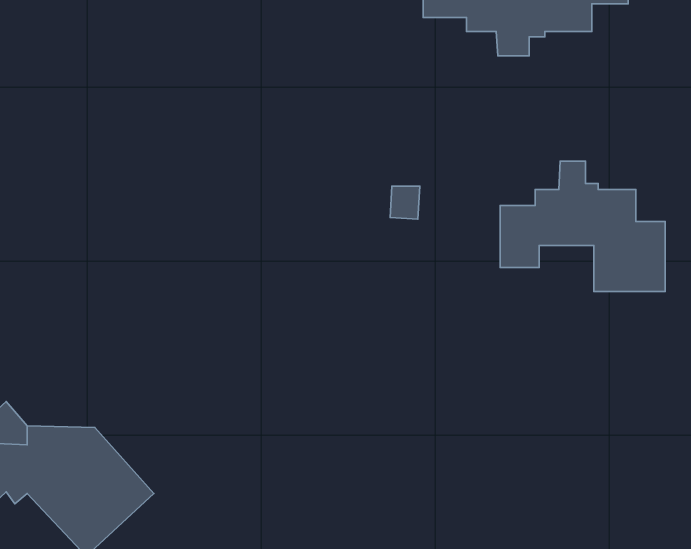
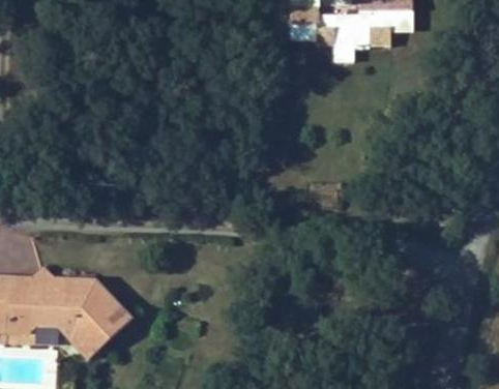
building: [500,161,665,292] -> none

